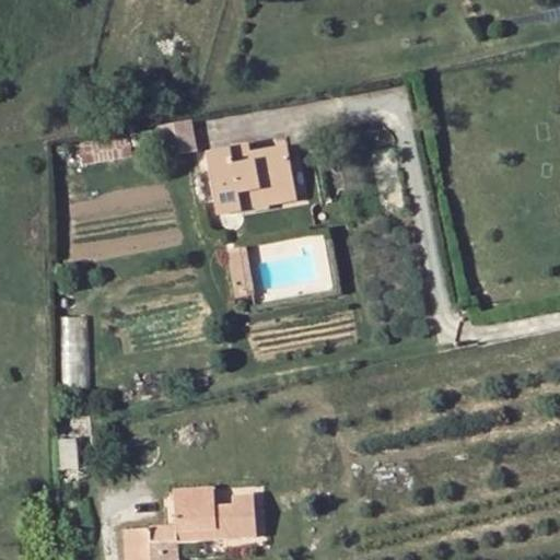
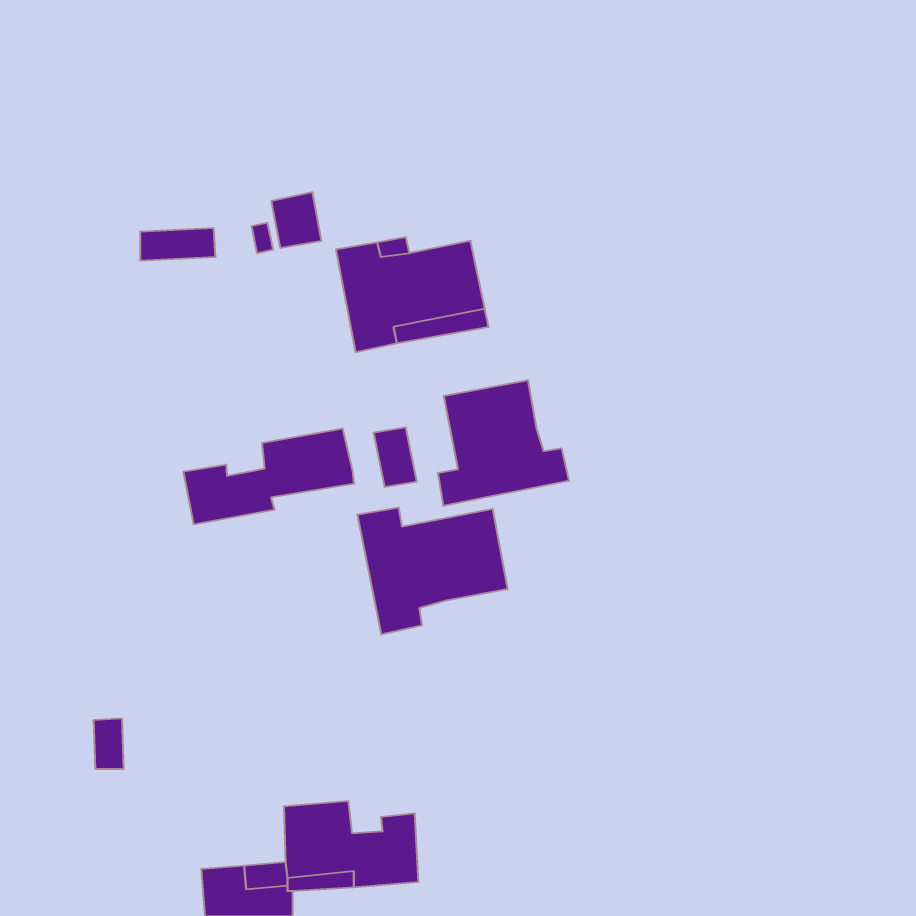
building: none -> [438,380,569,506]
building: none -> [183,428,354,524]
building: none -> [357,507,507,634]

